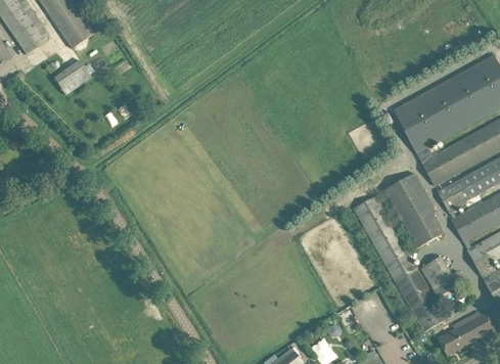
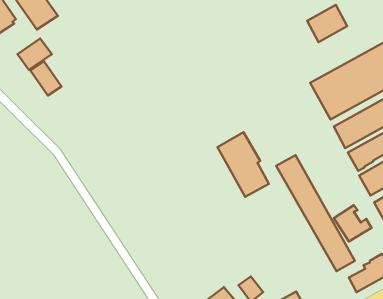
building: none -> [307,5,347,42]
building: none -> [30,61,61,95]
building: [383,173,444,248] -> [217,132,269,197]

